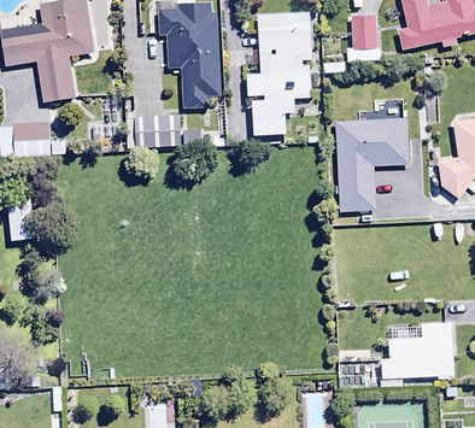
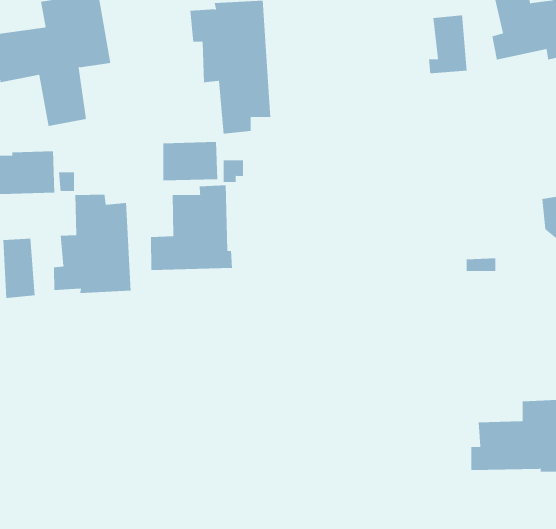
building: [246,8,312,135] -> none
building: [336,118,409,211] -> none
building: none -> [151,185,232,271]
building: none -> [53,194,131,294]

